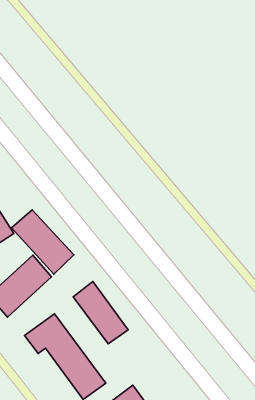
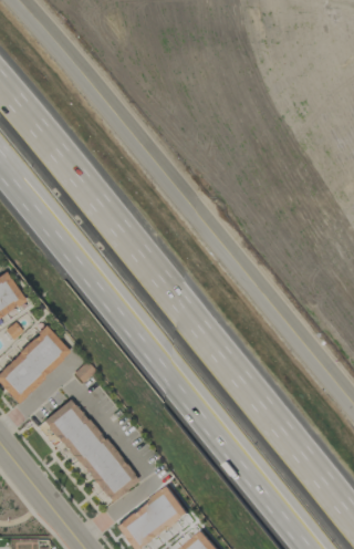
building: [11,210,74,274] -> none
building: [73,282,128,344] -> none

